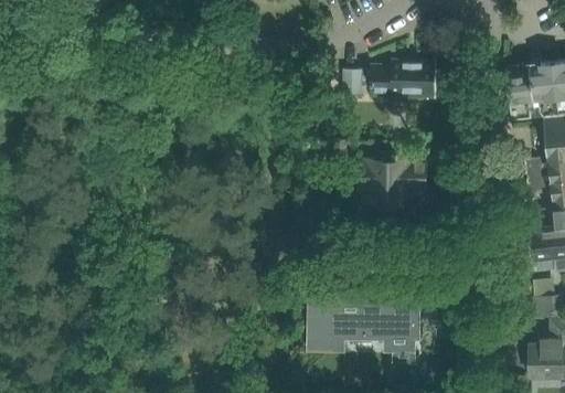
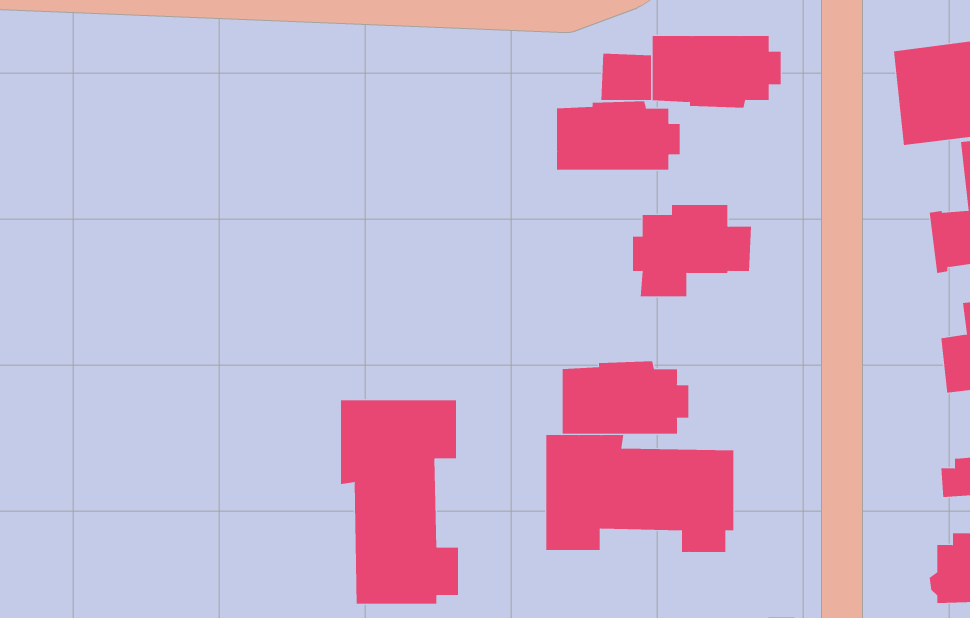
building: none -> [557,100,680,170]
building: none -> [562,360,689,435]
building: none -> [340,400,459,604]

